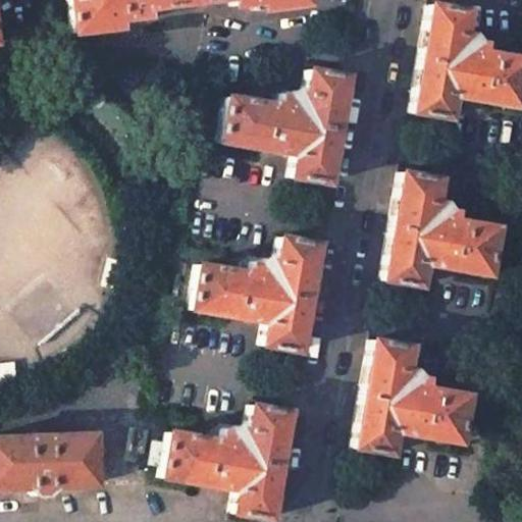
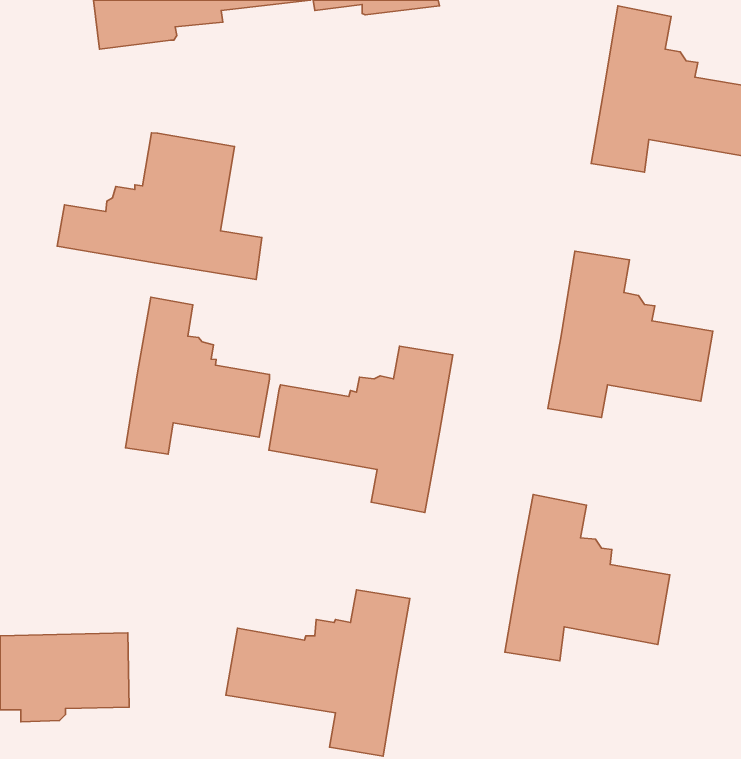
building: [225,70,352,184] -> none
building: none -> [57,133,262,280]
building: none -> [125,297,270,454]

